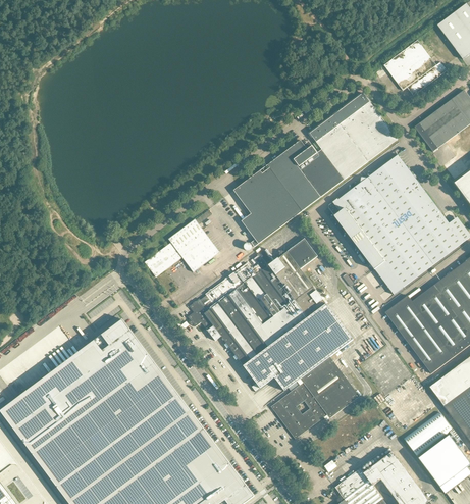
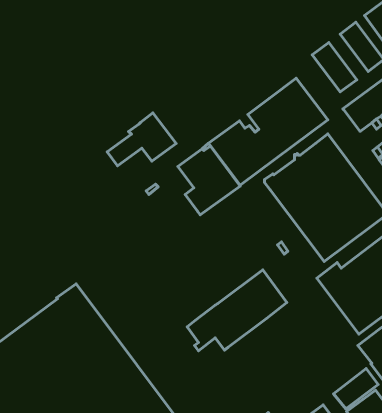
building: [144,218,219,276] -> [107,113,176,166]
building: [187,238,325,365] -> none
building: [270,356,359,438] -> none

